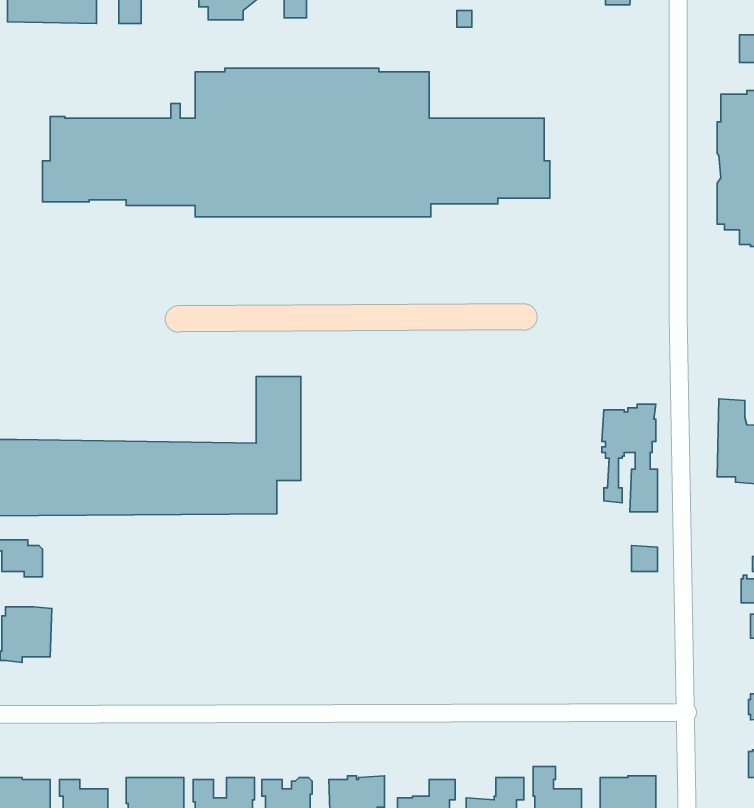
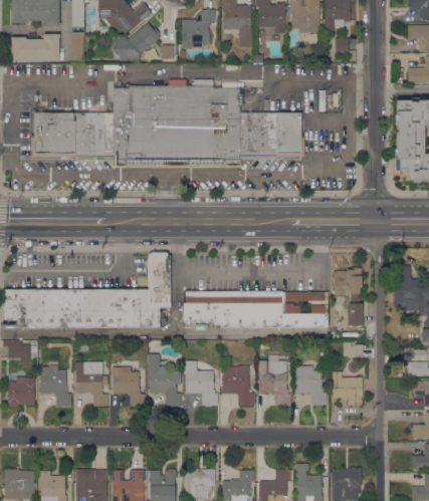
building: none -> [182,291,328,328]
building: none -> [149,354,181,407]
building: none -> [258,355,290,406]
building: none -> [185,361,217,407]
building: none -> [75,362,108,407]
building: none -> [39,365,71,407]
building: none -> [112,366,145,407]
building: none -> [222,366,254,407]
building: none -> [294,366,327,406]
building: none -> [332,371,363,406]

